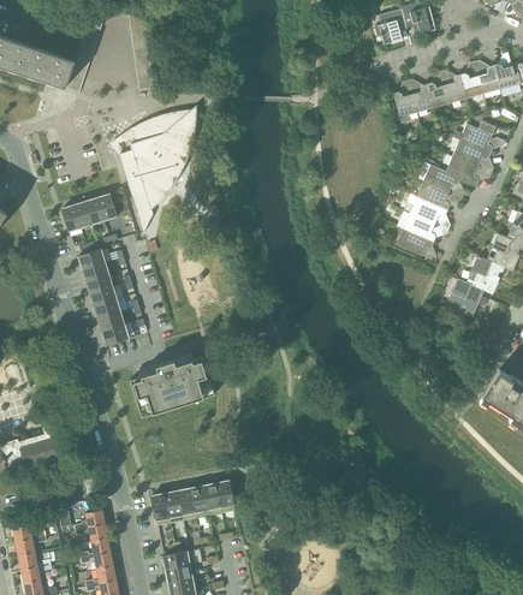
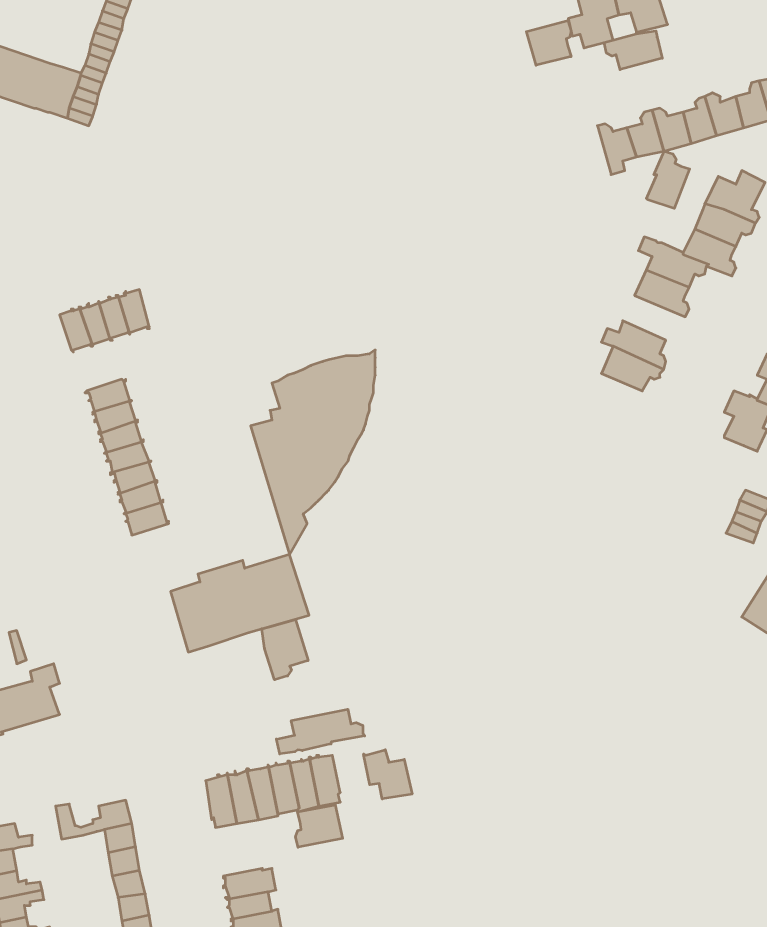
building: none -> [526,21,571,65]
building: none -> [604,31,662,70]
building: [119,107,196,233] -> [251,350,375,555]
building: none -> [646,151,690,208]
building: [408,195,447,225] -> none
building: [446,279,483,317] -> none
building: none -> [262,619,308,680]
building: none -> [276,709,365,754]
building: none -> [364,750,412,799]
building: none -> [296,805,343,847]

